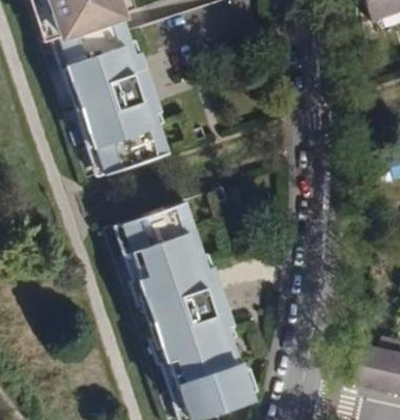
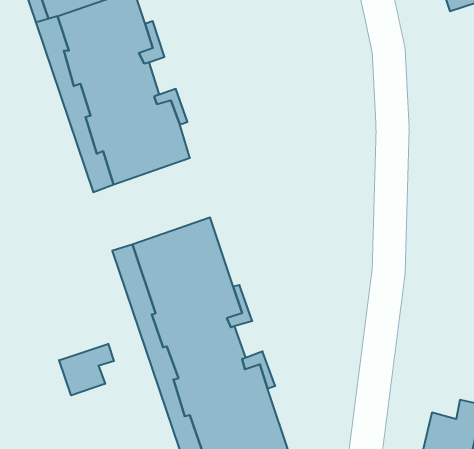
building: none -> [59,344,114,395]

